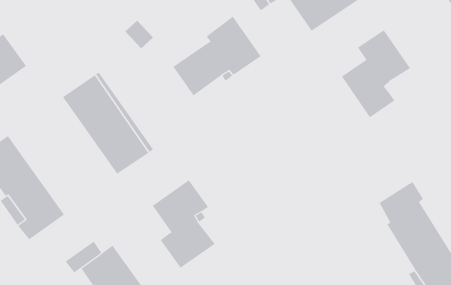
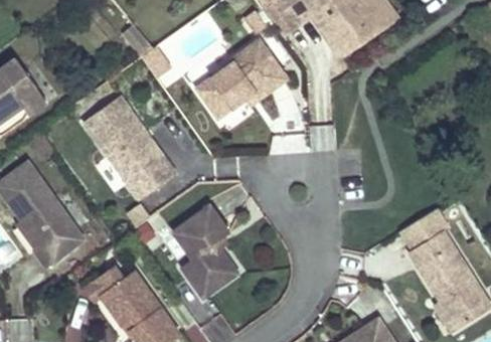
building: [341,29,411,118] -> none

